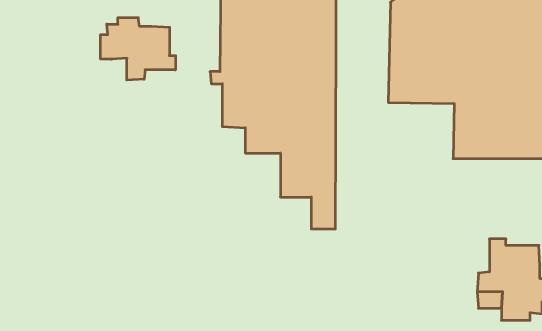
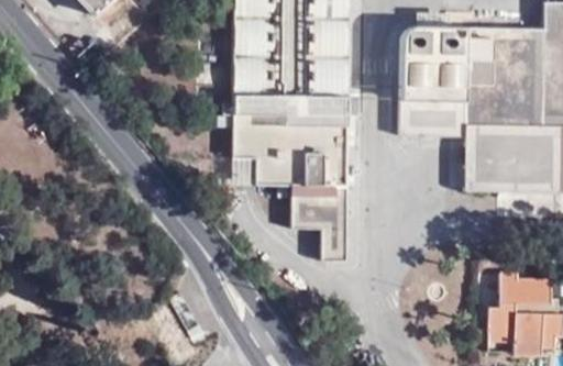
building: [101,18,176,80] -> none

